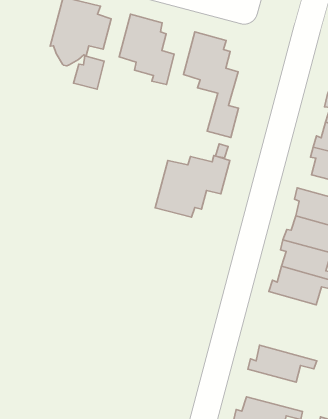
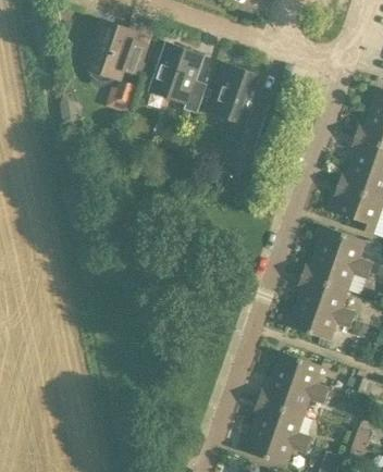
building: [155,156,230,217] -> none
building: none -> [271,349,329,396]
building: none -> [255,399,312,445]

